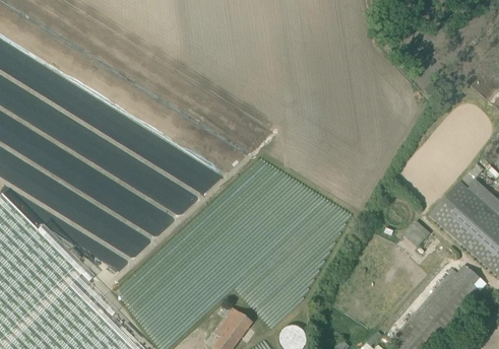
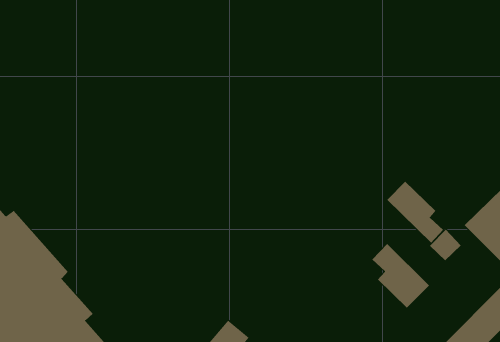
building: none -> [387,181,444,243]
building: none -> [371,243,430,308]

